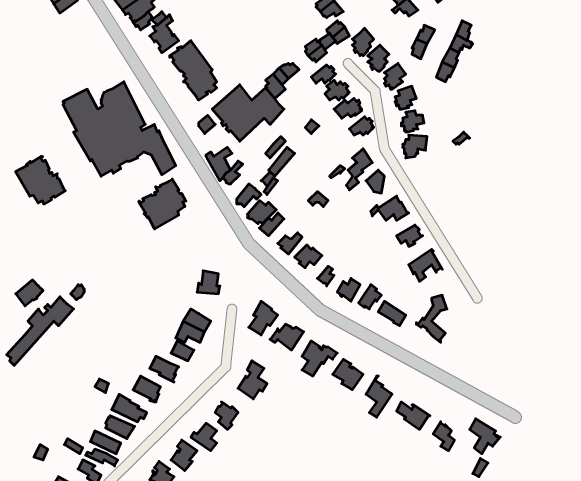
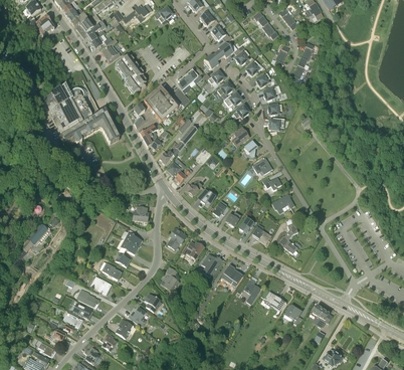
building: [16,156,65,204] -> none
building: [139,179,186,229] -> none

